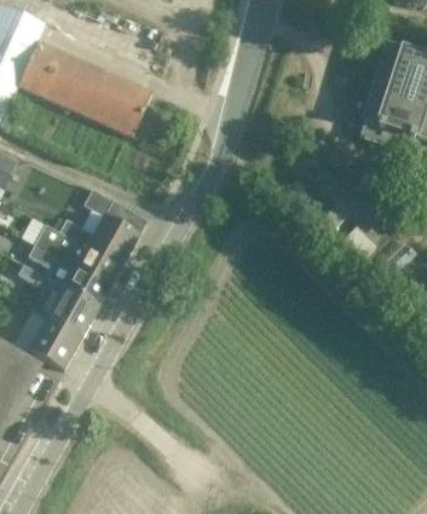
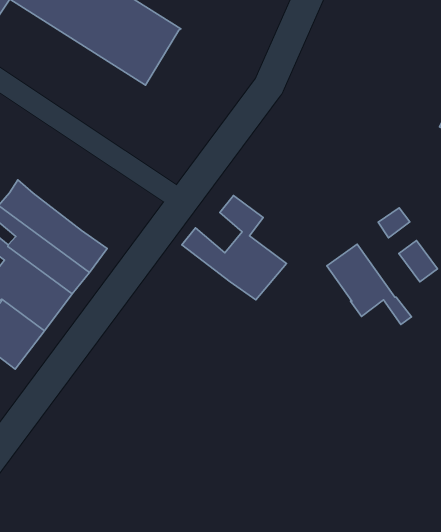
building: [57,187,139,265] -> [182,196,287,300]
building: none -> [327,244,411,325]

